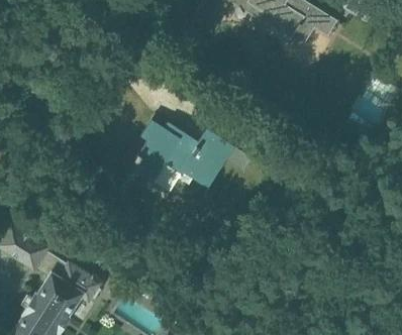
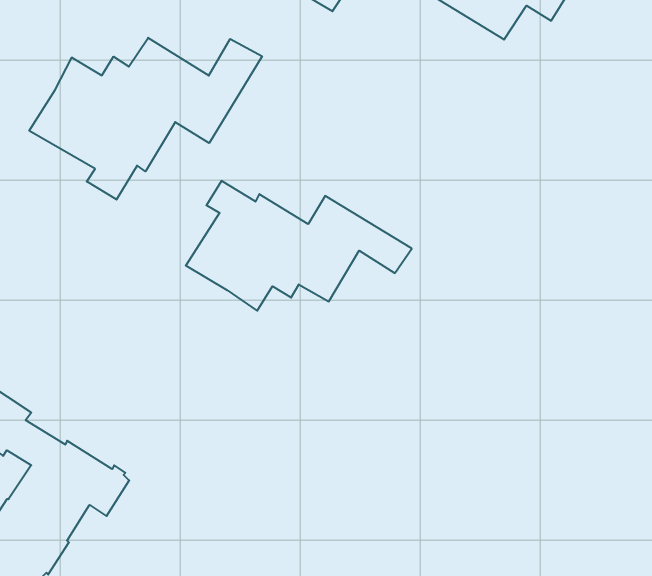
building: none -> [29,38,262,200]

